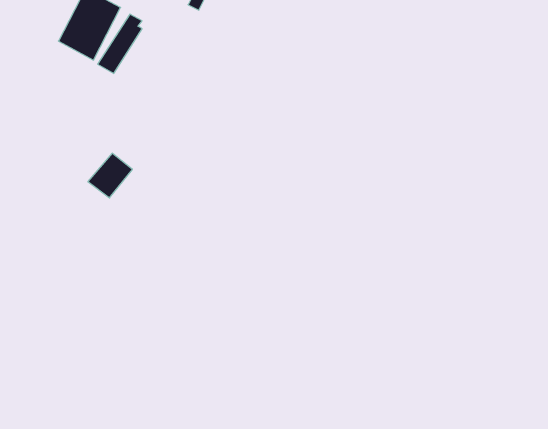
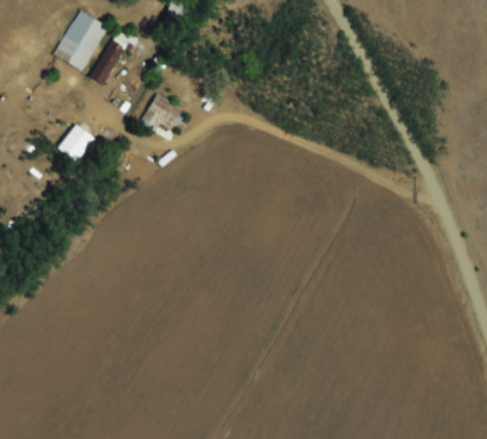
building: none -> [140,93,184,131]
building: [88,153,132,198] -> [56,122,95,161]

